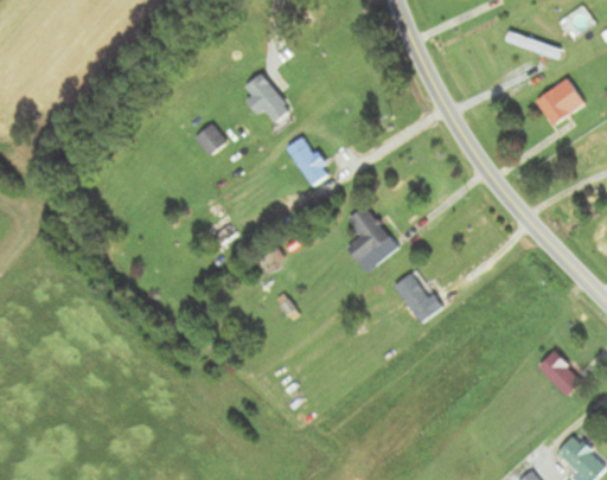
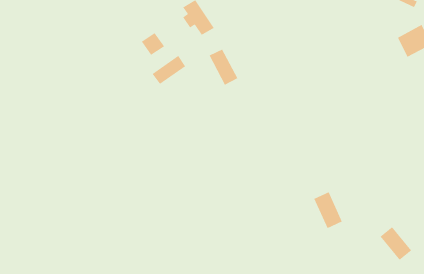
building: none -> [152,55,186,85]
building: [347,205,392,268] -> none
building: [395,271,437,322] -> [313,191,343,229]

